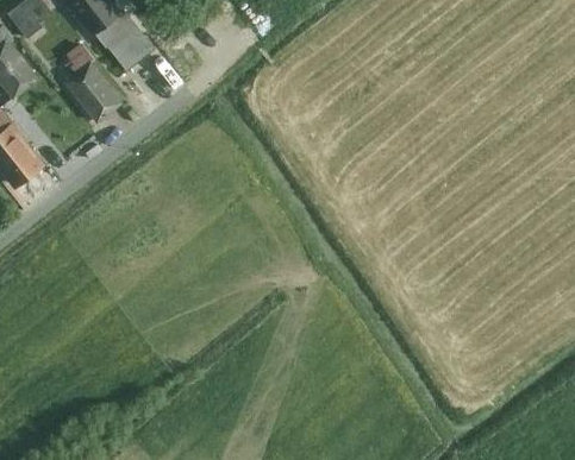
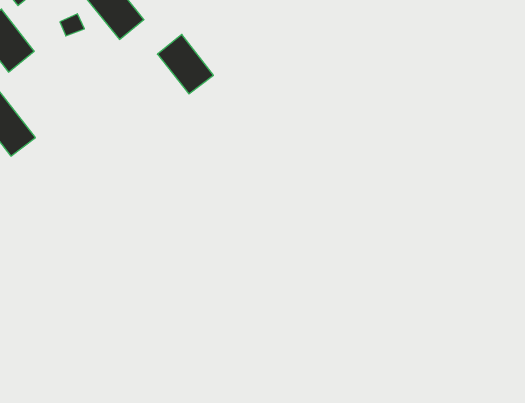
building: [65,59,123,120] -> [157,34,213,94]

